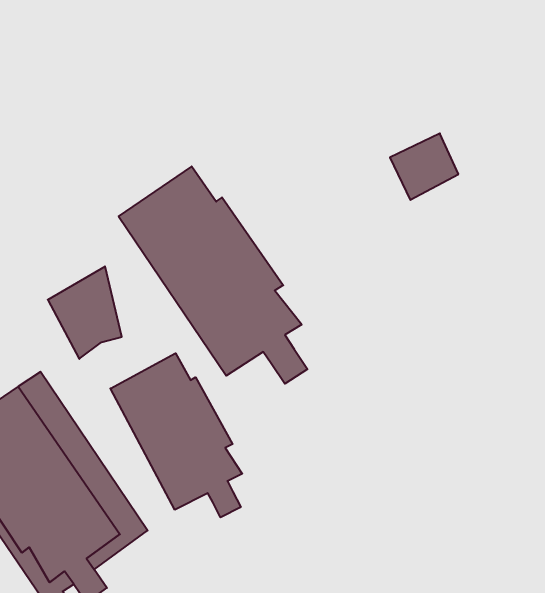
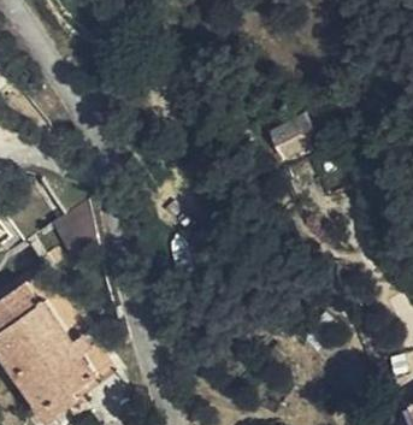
building: [119,166,307,384] -> none
building: [110,353,242,517] -> none

